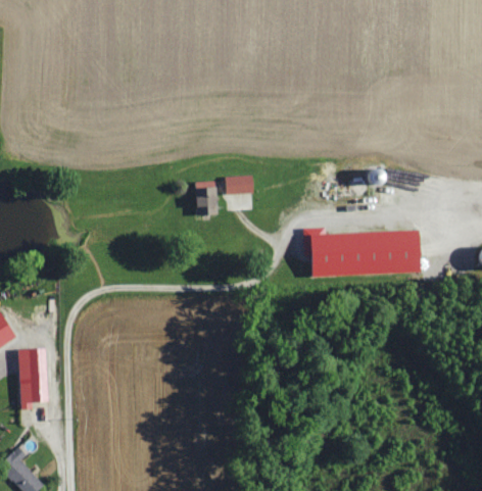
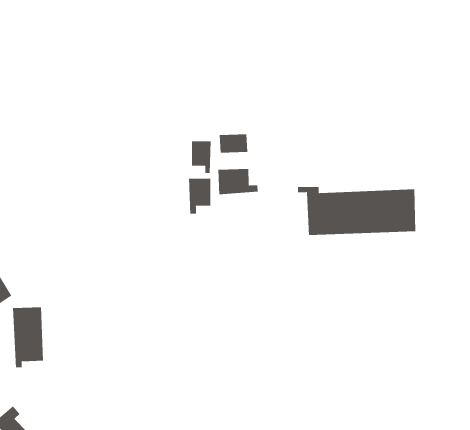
building: none -> [218,168,258,195]
building: none -> [189,178,211,214]

